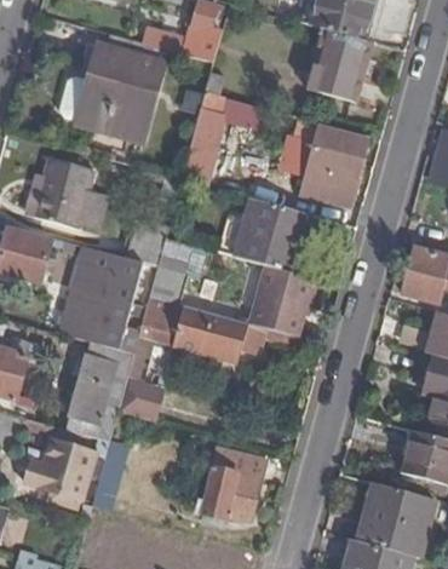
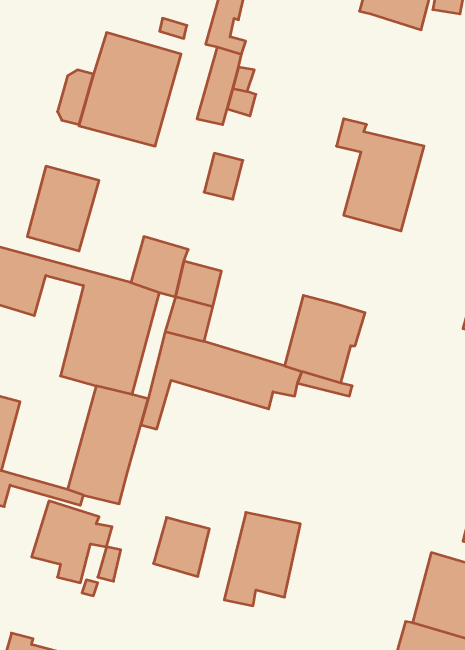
building: [306,28,371,102] -> none
building: [235,197,309,272] -> none
building: [117,374,165,424] -> [153,517,209,576]

